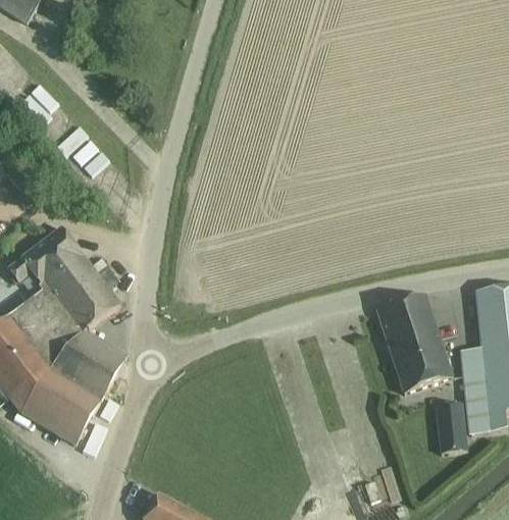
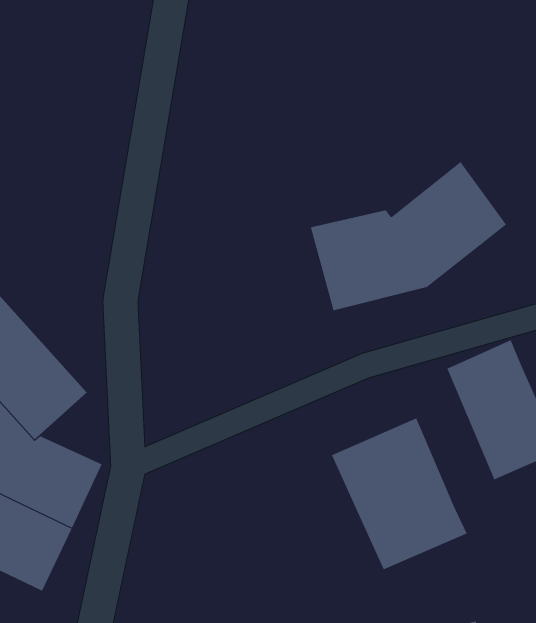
building: none -> [310,161,507,311]
building: none -> [331,418,467,570]

